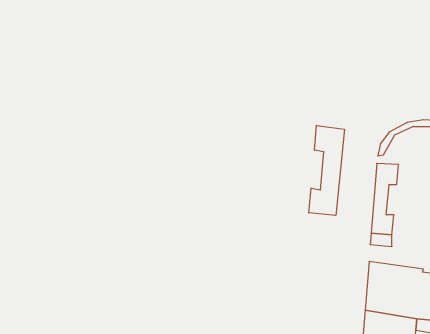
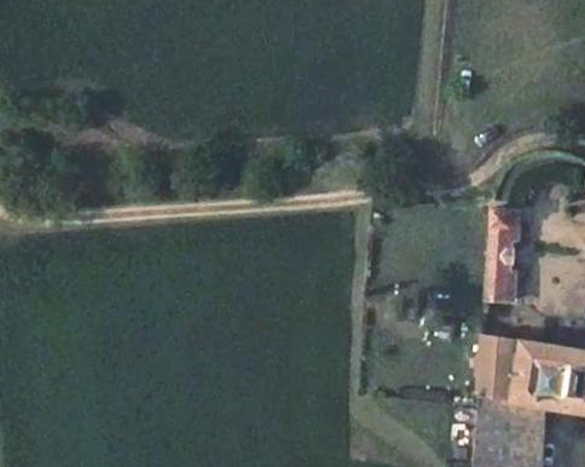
building: [309,125,344,215] -> none

